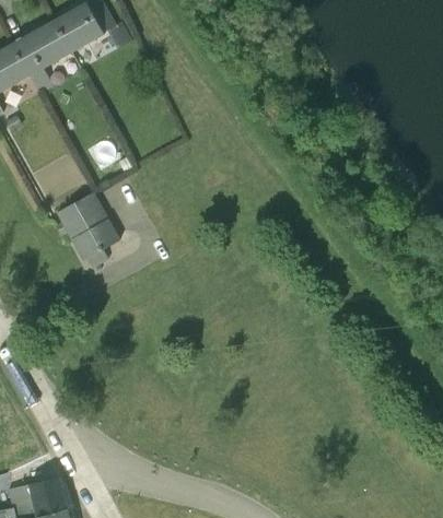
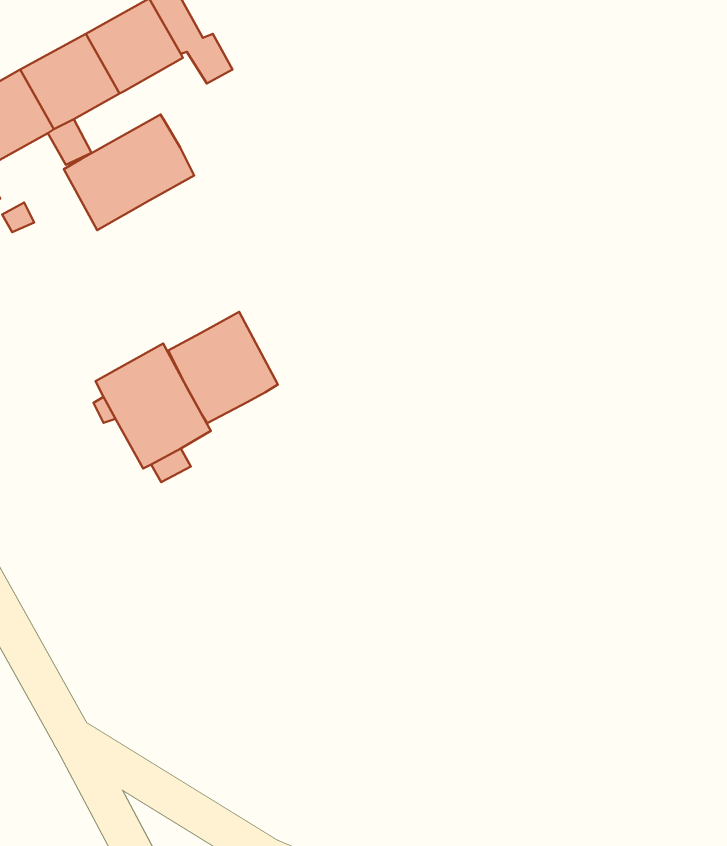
building: none -> [64,115,194,230]
building: none -> [168,312,278,423]

